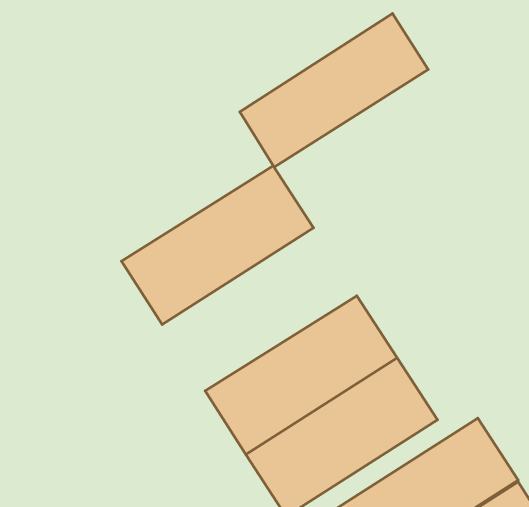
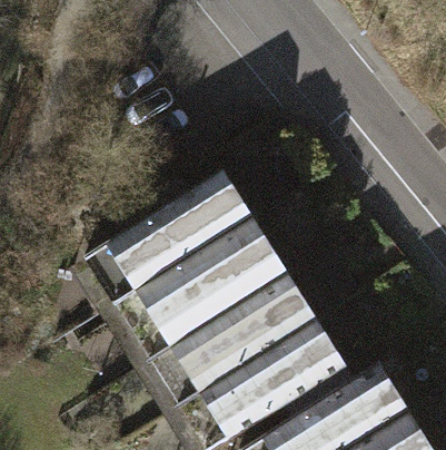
building: [240,14,428,167] -> none
building: none -> [135,222,285,348]

